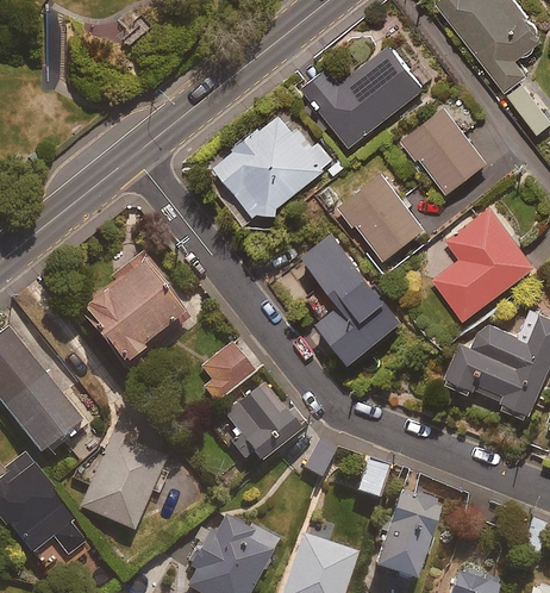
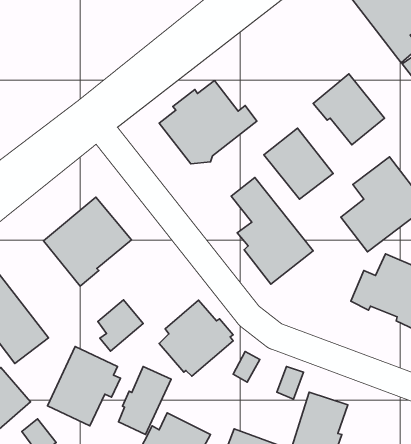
building: [301,44,425,148] -> none
building: [200,343,255,405] -> [98,300,143,351]
building: none -> [119,367,171,434]

